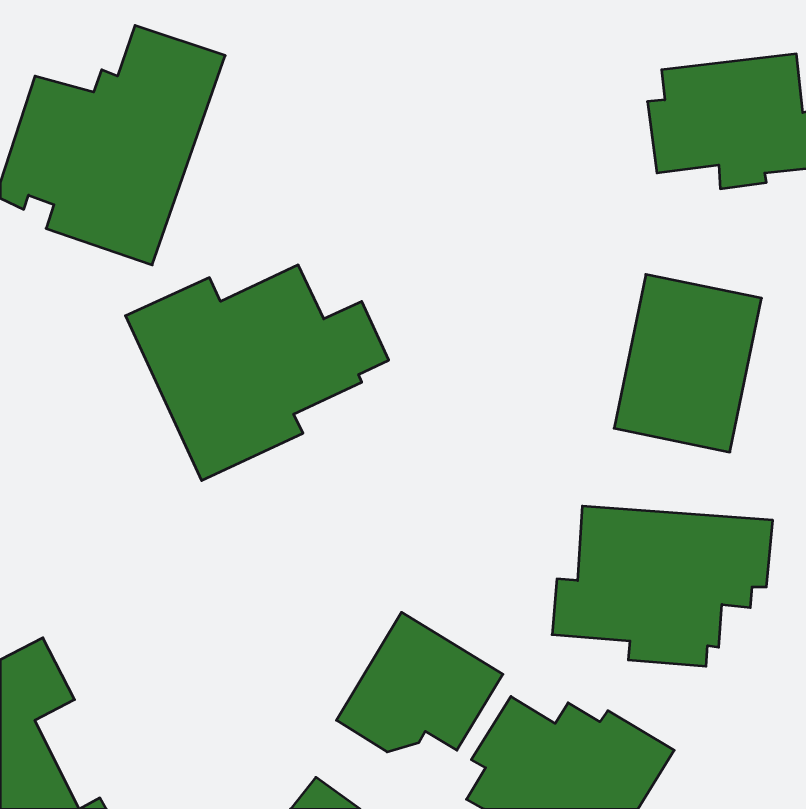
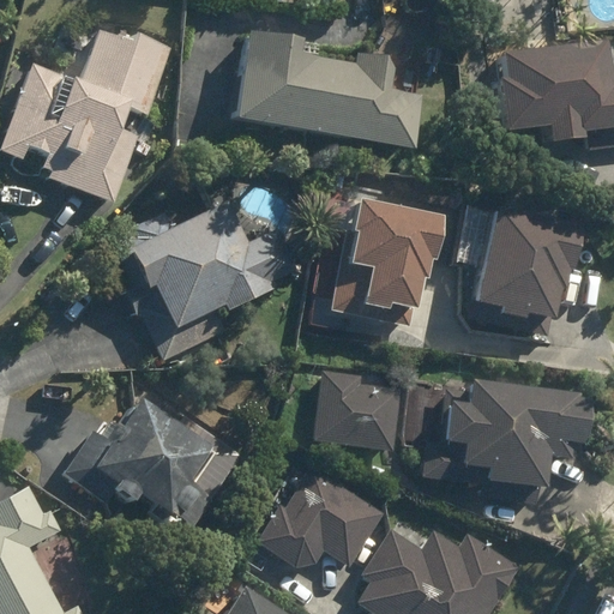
building: none -> [234,31,423,148]
building: none -> [323,193,439,321]
building: none -> [314,372,401,450]
building: none -> [64,398,247,530]

